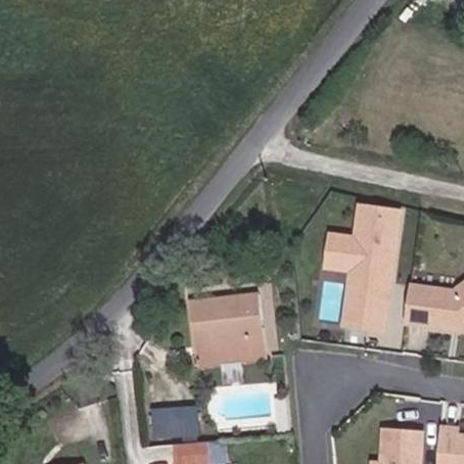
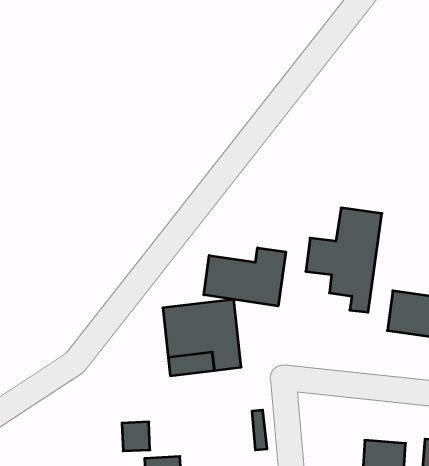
building: none -> [204,248,286,306]
building: [344,287,386,330] -> none

